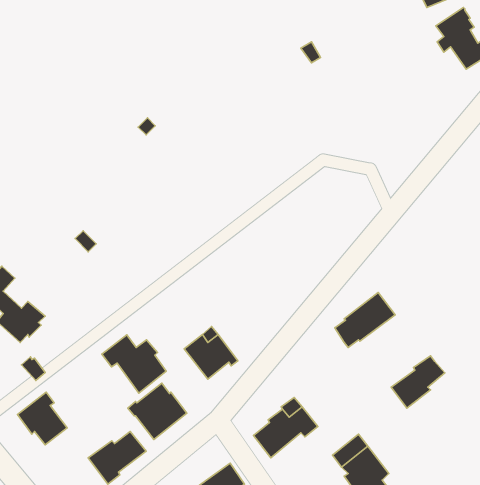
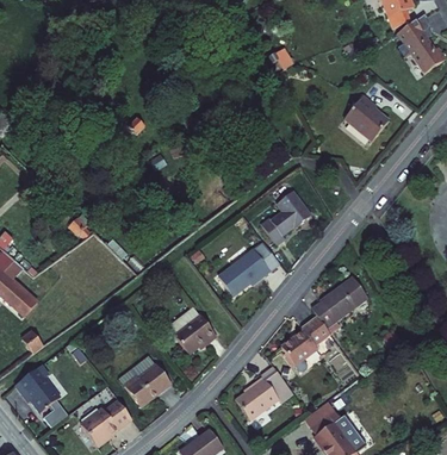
building: none -> [342,96,386,142]
building: none -> [261,192,311,245]
building: none -> [218,250,269,295]
building: [102,335,166,393] -> none
building: [391,356,445,408] -> [278,319,327,367]

